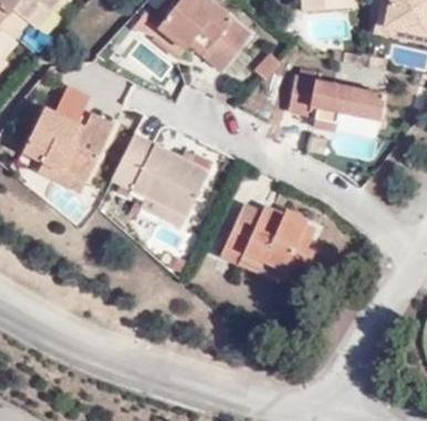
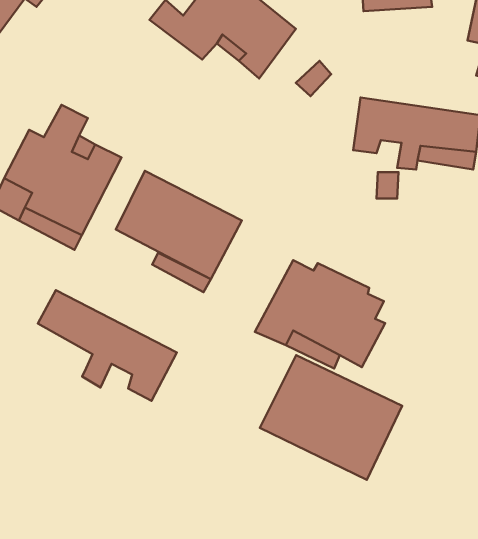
building: none -> [38,290,177,401]
building: none -> [260,355,402,480]

